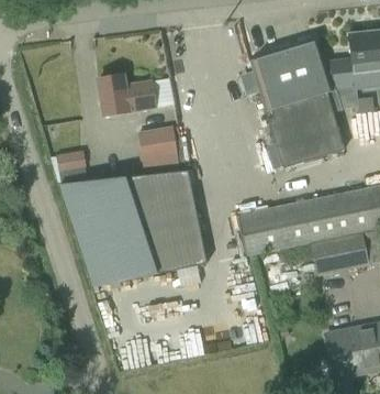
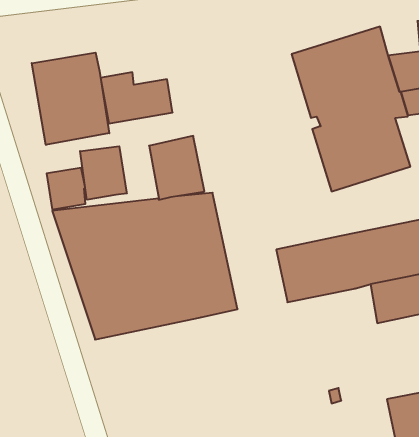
building: none -> [32,53,109,145]
building: none -> [80,146,127,200]

